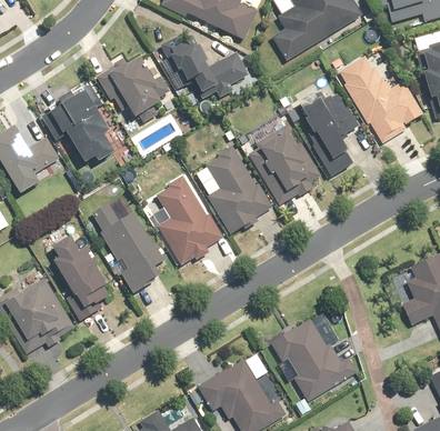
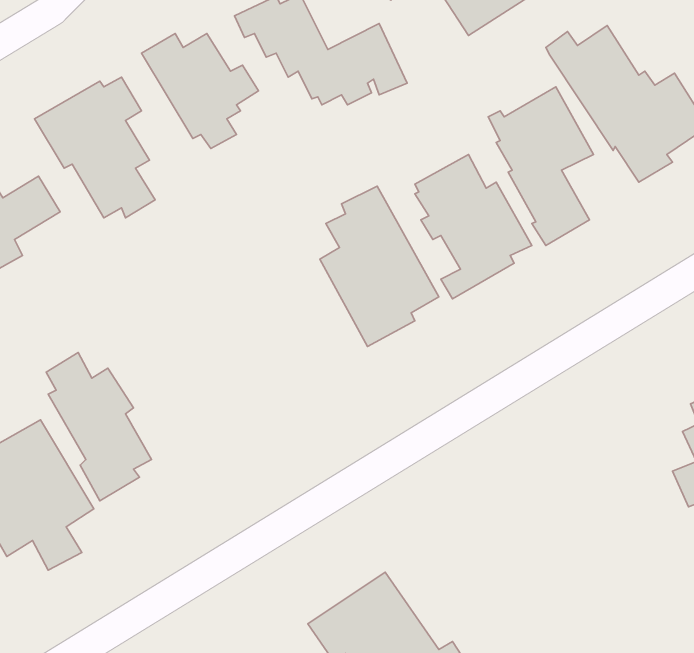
building: [153,176,223,265] -> none
building: [91,204,167,293] -> none
building: [269,312,357,401] -> none

